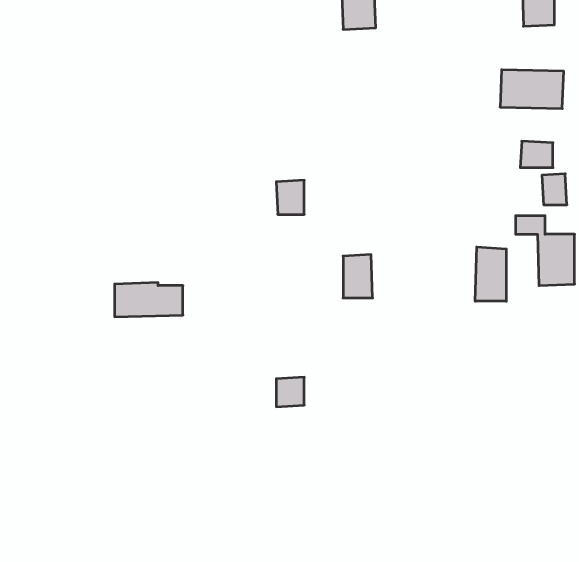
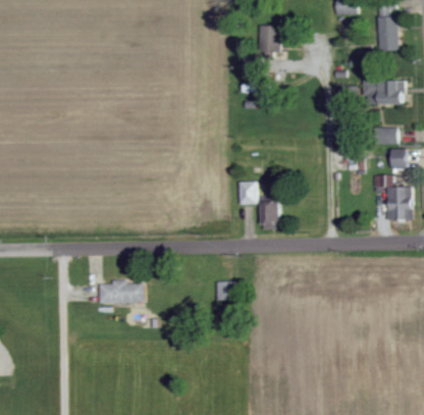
building: [276,180,304,214] -> [238,181,257,204]
building: [475,247,506,301] -> none
building: [115,283,183,317] -> [99,281,144,304]

